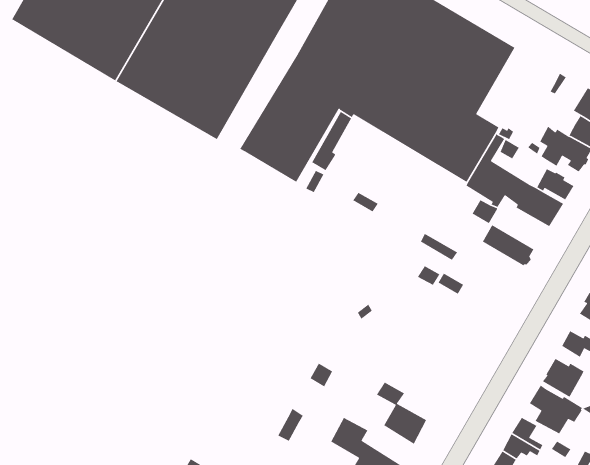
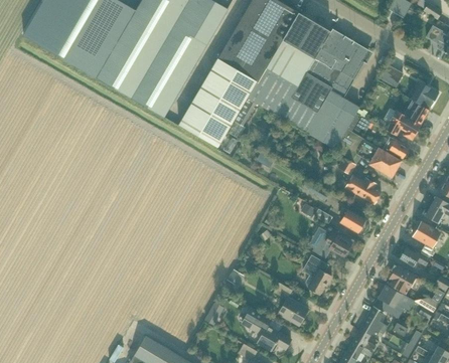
building: none -> [339,206,365,232]
building: none -> [308,228,351,259]
building: none -> [303,255,332,295]

